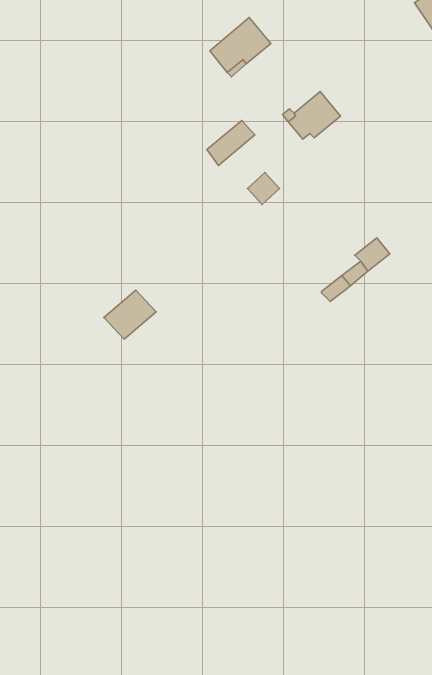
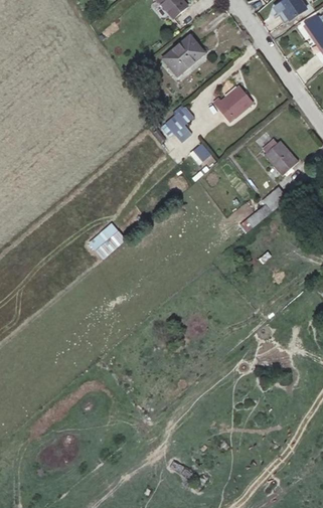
building: none -> [263,139,299,175]

